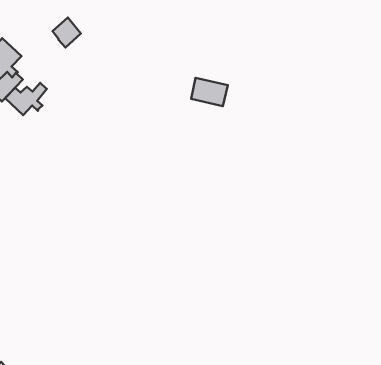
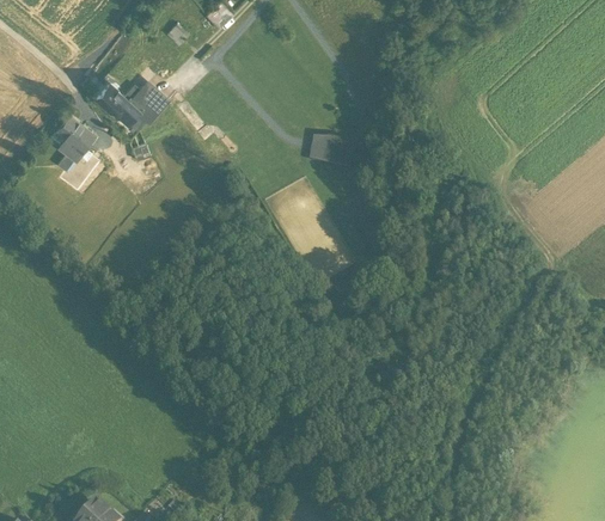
building: none -> [96,81,138,116]
building: [5,83,47,115] -> none

